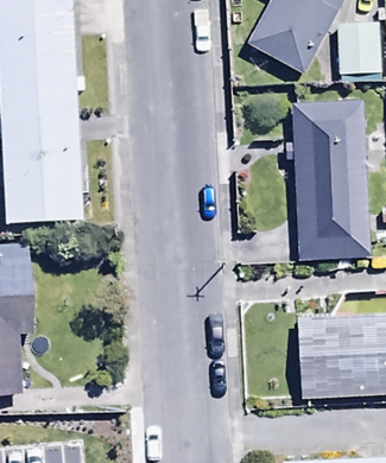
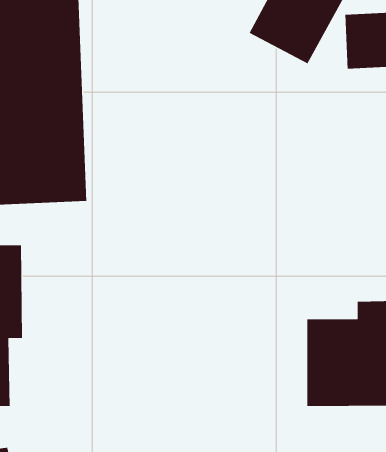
building: [284,101,368,259] -> none

